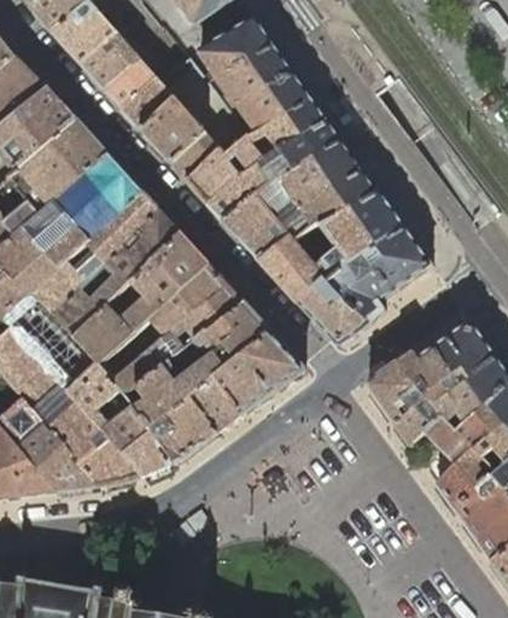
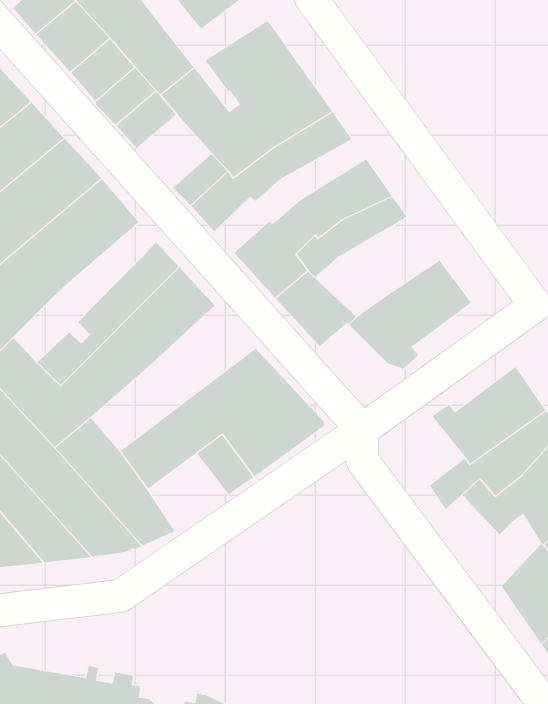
building: [139,100,204,164] -> none
building: [206,122,339,221] -> none
building: [294,190,403,276] -> none
building: [31,194,156,316] -> none
building: [110,267,243,393] -> none
building: [298,282,372,345] -> none
building: [367,363,425,424] -> none
building: [148,396,218,464] -> none
building: [437,449,491,512] -> none

